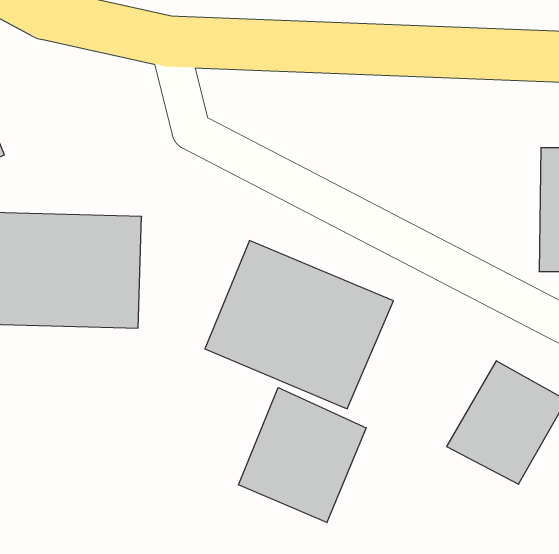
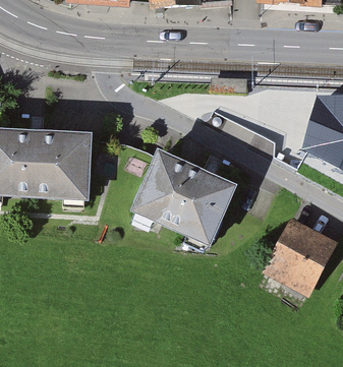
building: [238,388,366,523] -> none

